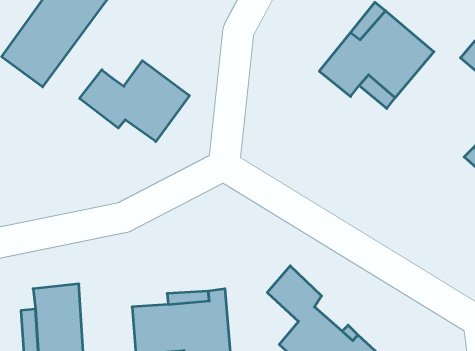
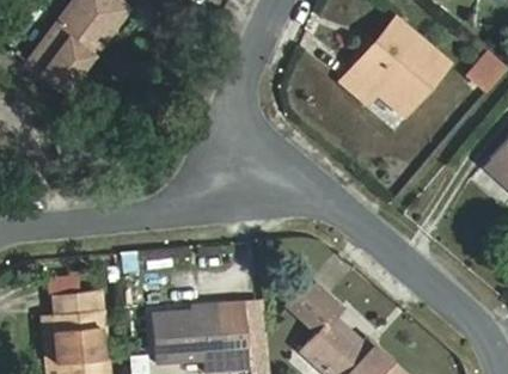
building: [80,61,189,142] -> none

